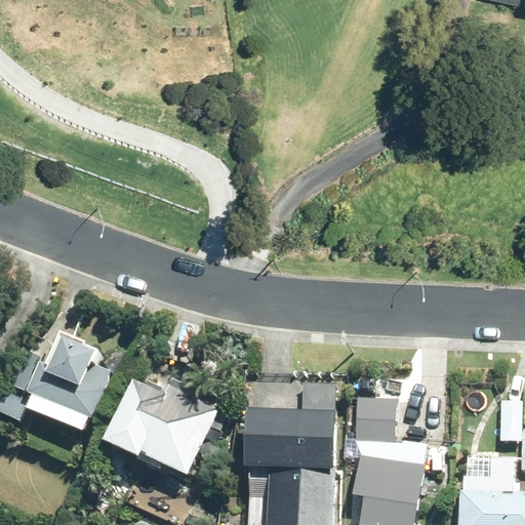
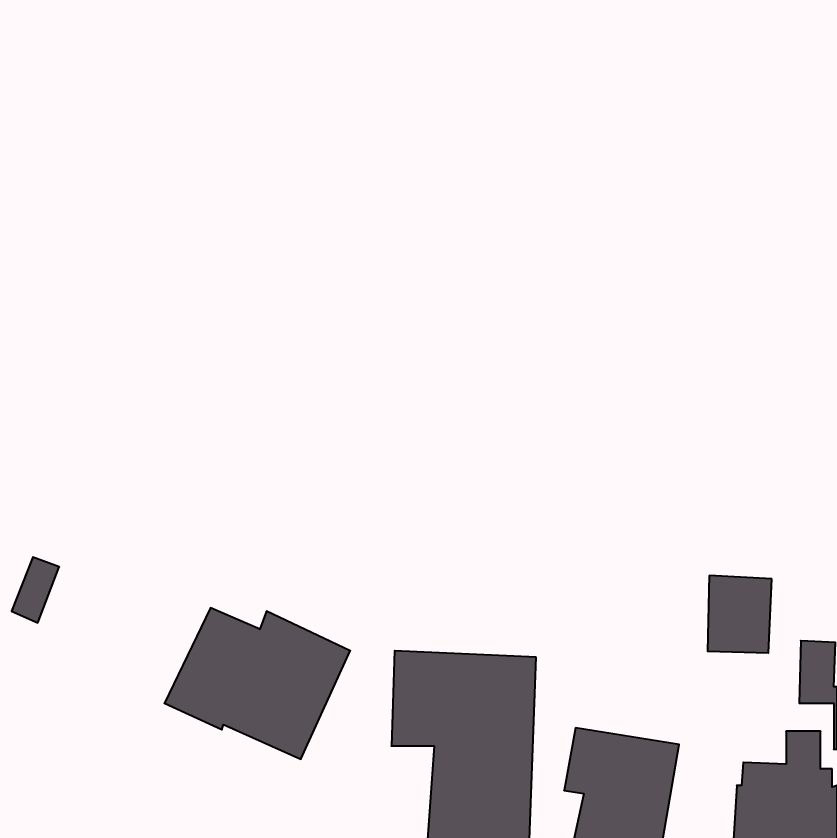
building: [26,330,111,420] -> none
building: [356,396,396,444] -> [708,576,772,653]

